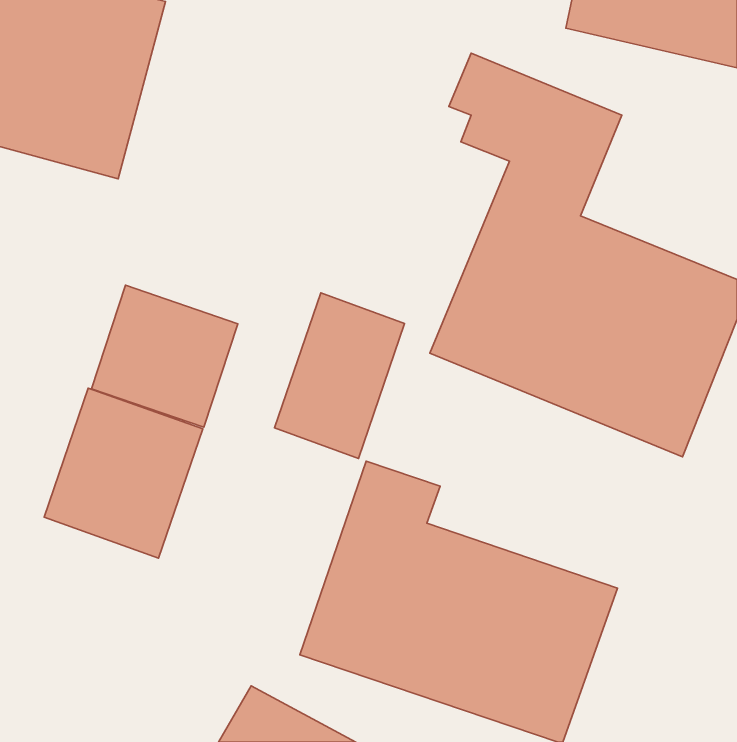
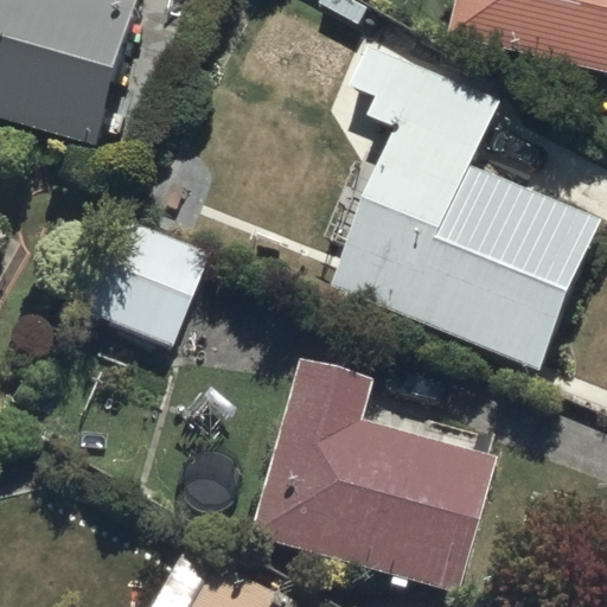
building: [275,293,405,458] -> none
building: [44,388,203,558] -> none

